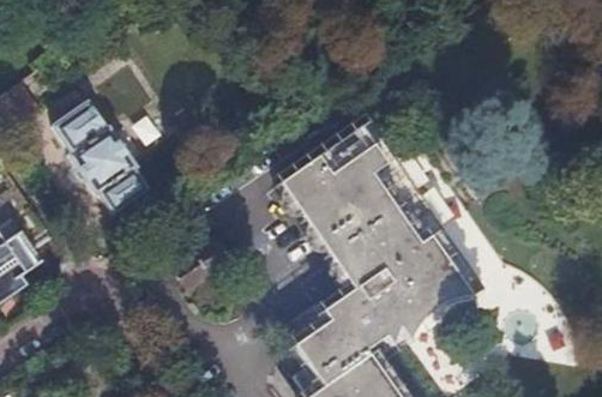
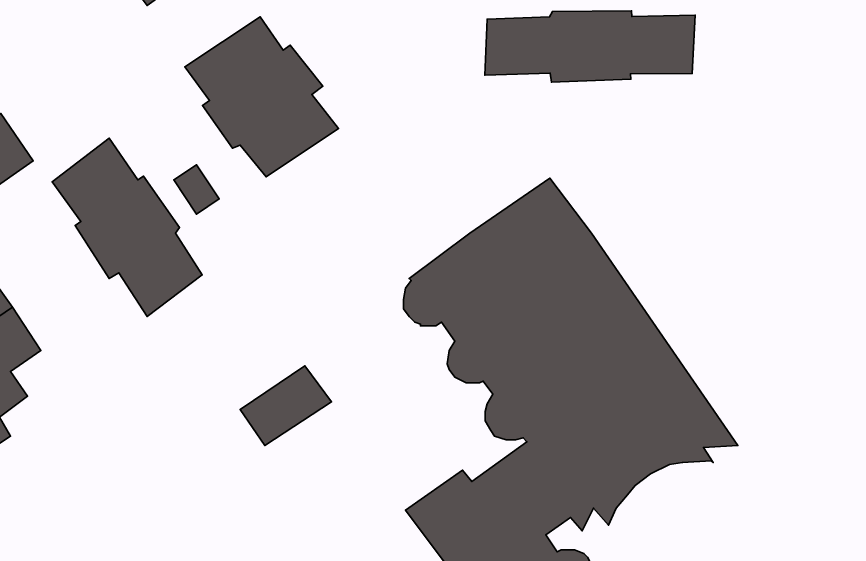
building: none -> [485,11,695,82]
building: none -> [185,17,339,177]

